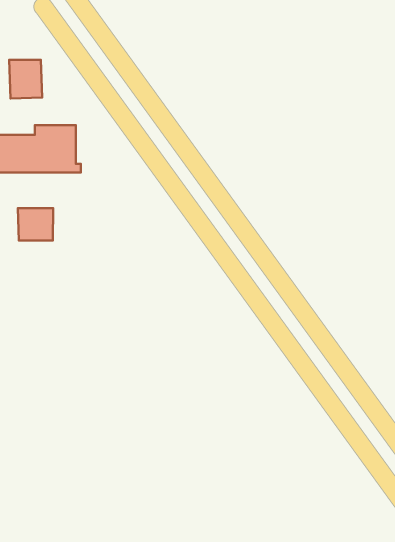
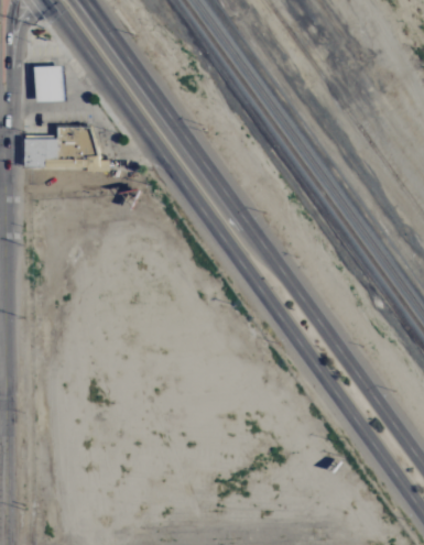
building: [18,208,53,240] -> none

